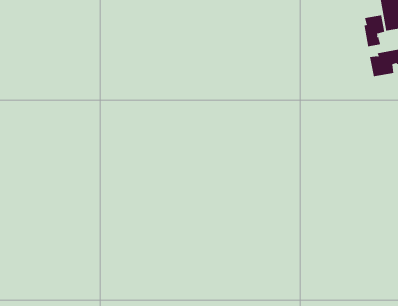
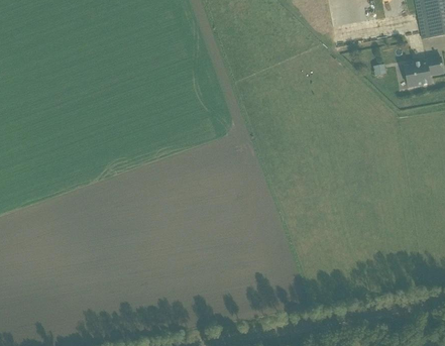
building: [364,14,385,47] -> none

